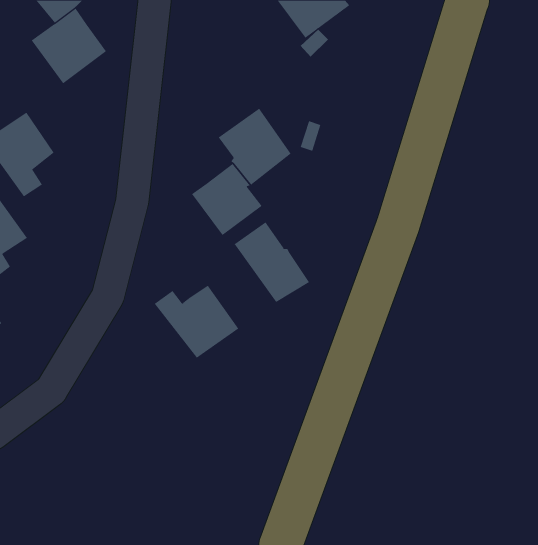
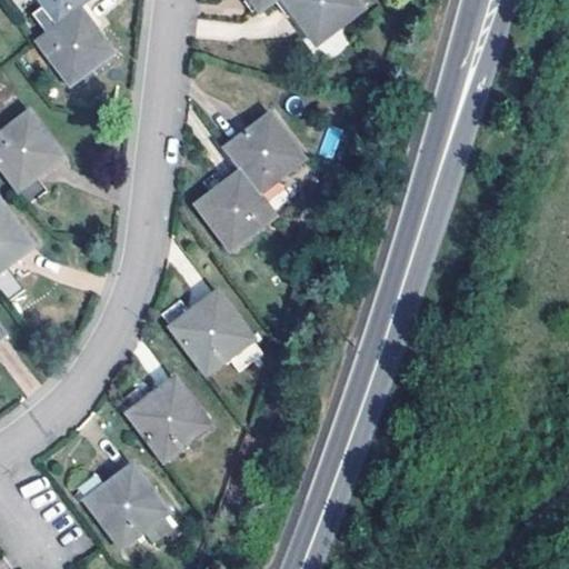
building: [234,222,310,303] -> none
building: none -> [116,378,206,456]
building: none -> [77,465,167,545]

